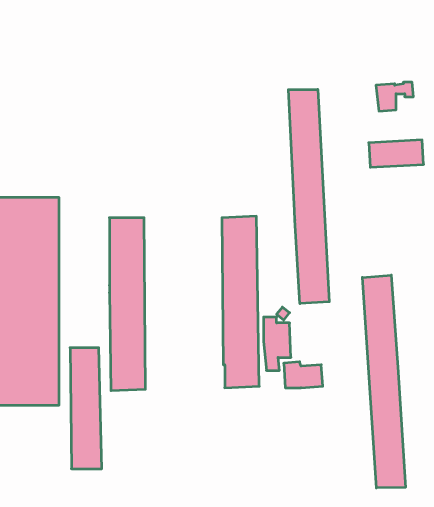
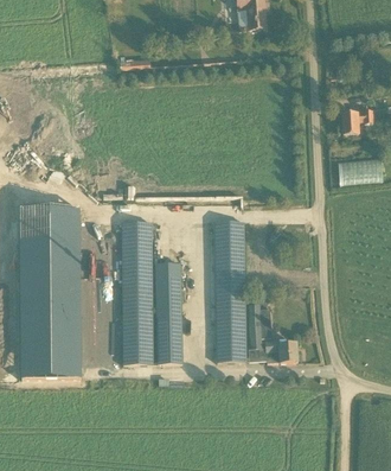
building: [288,89,329,304] -> none
building: [362,275,405,488] -> none
building: [70,348,102,469] -> [158,263,184,363]

